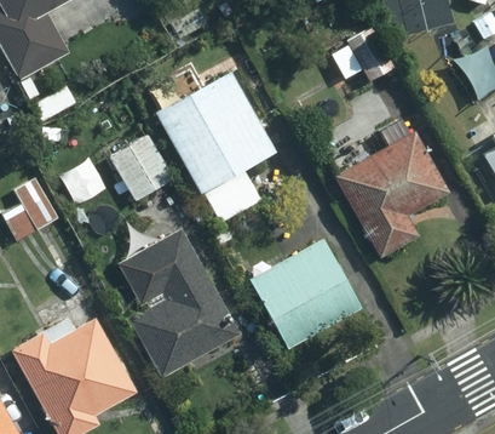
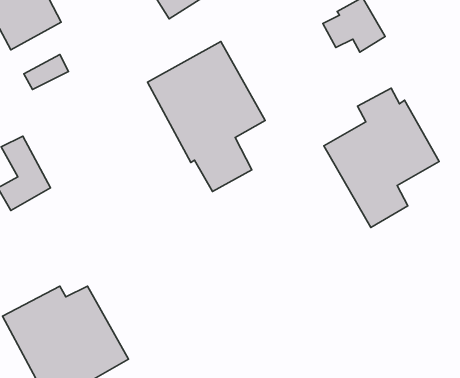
building: [110,131,175,200] -> none
building: [119,227,241,378] -> none
building: [249,238,362,350] -> none

